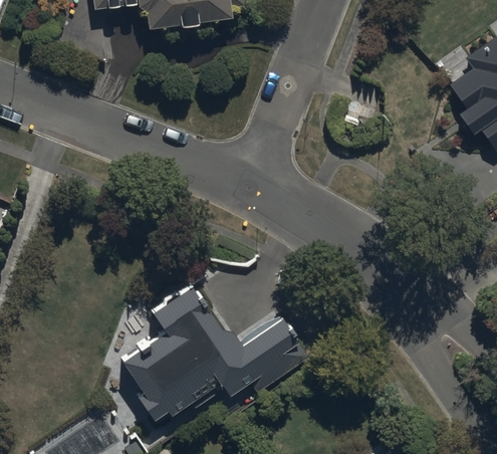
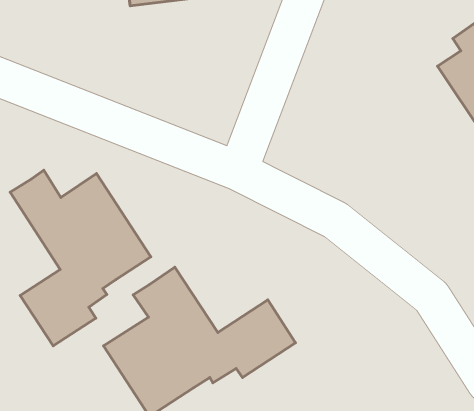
building: none -> [10,170,151,346]

